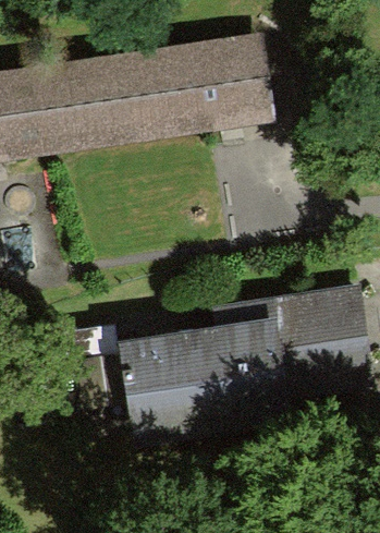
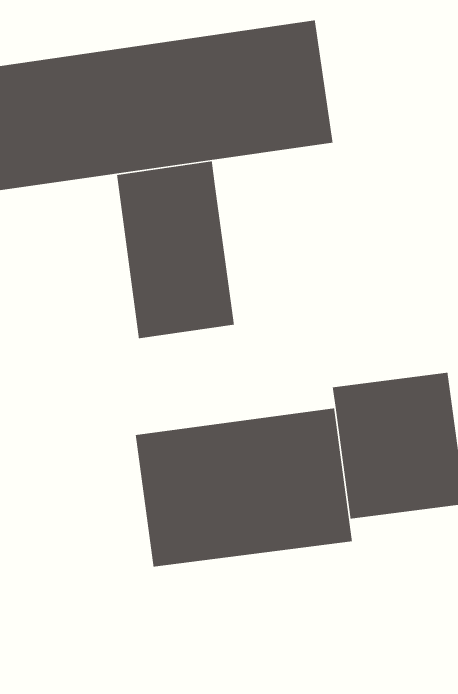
building: none -> [116,161,235,339]

